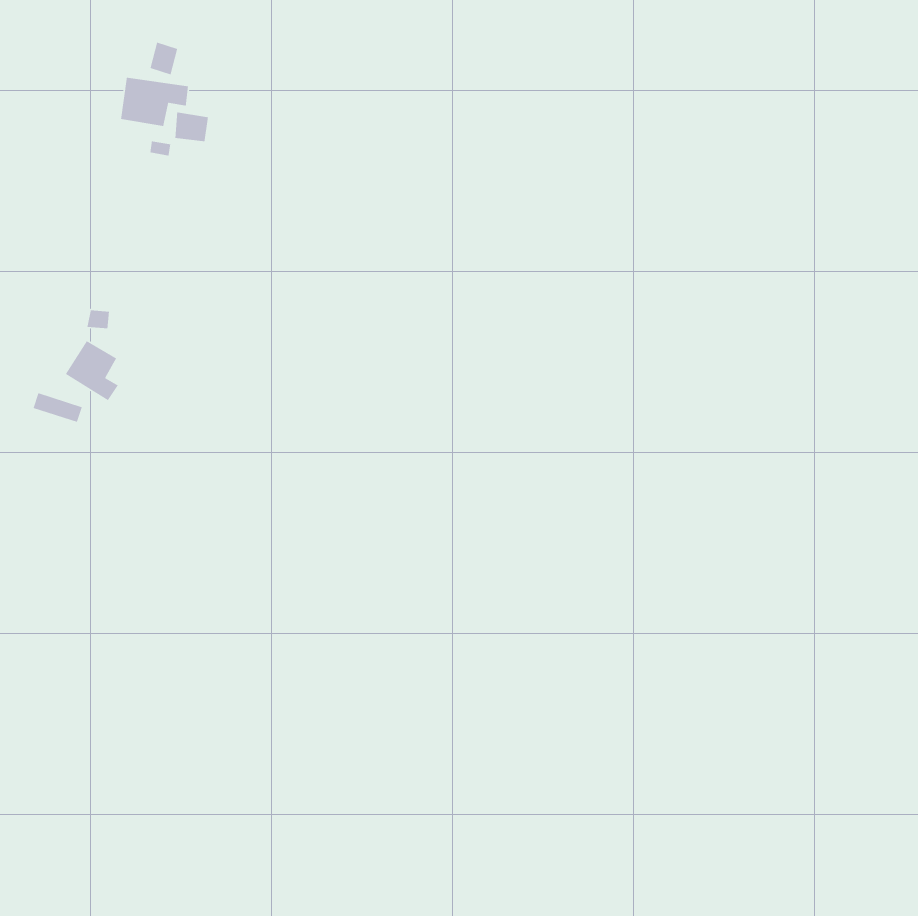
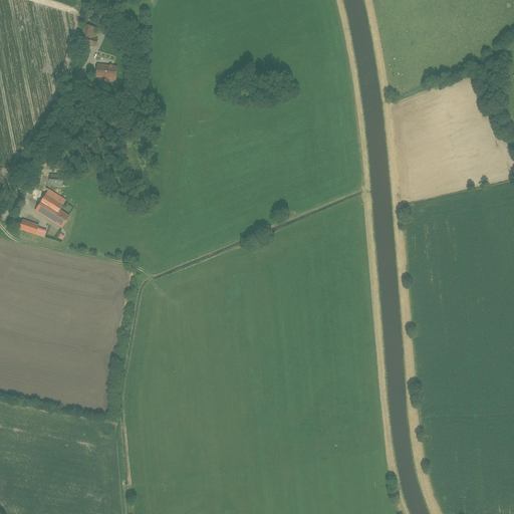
building: [120,77,189,127] -> none

